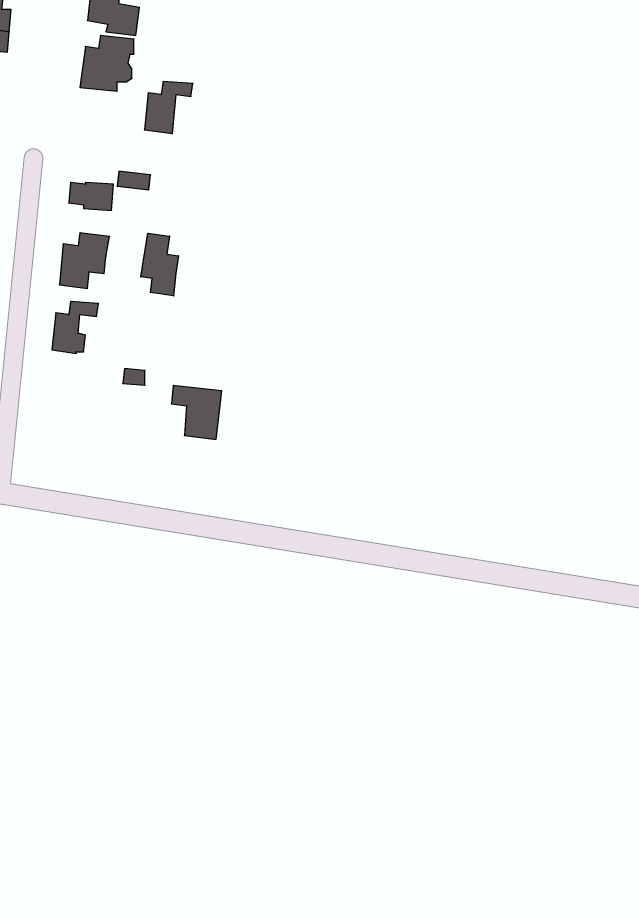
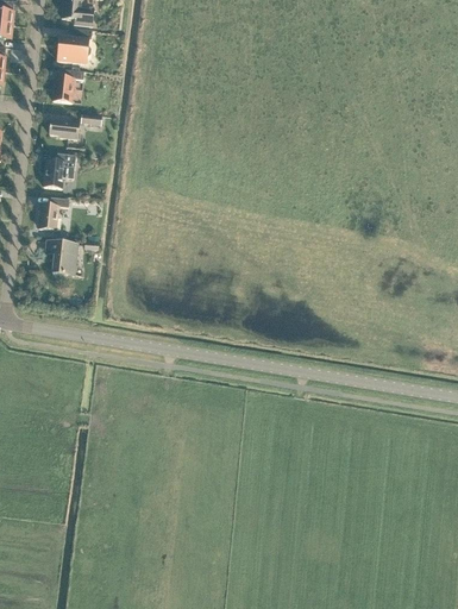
building: [144,82,193,134] -> [55,69,86,102]
building: [141,233,178,296] -> none
building: [171,385,222,439] -> [46,240,79,275]

